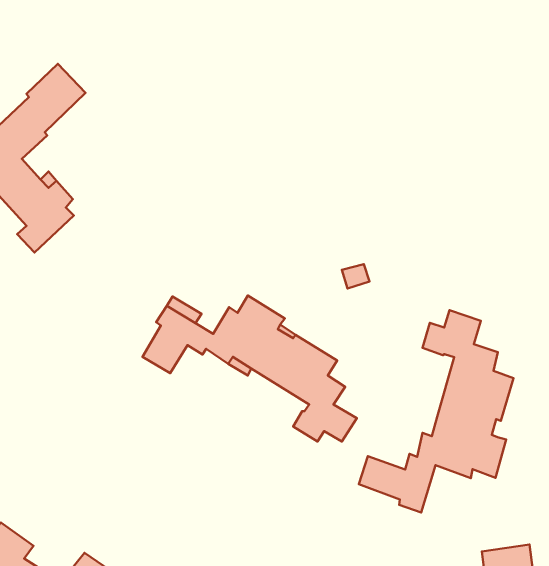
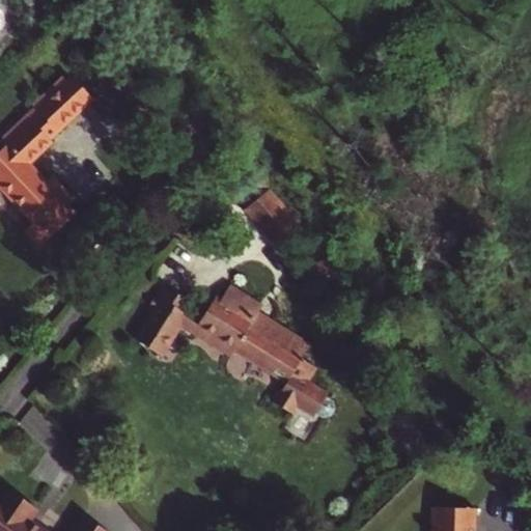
building: none -> [247,187,303,244]
building: [359,310,513,512] -> none

